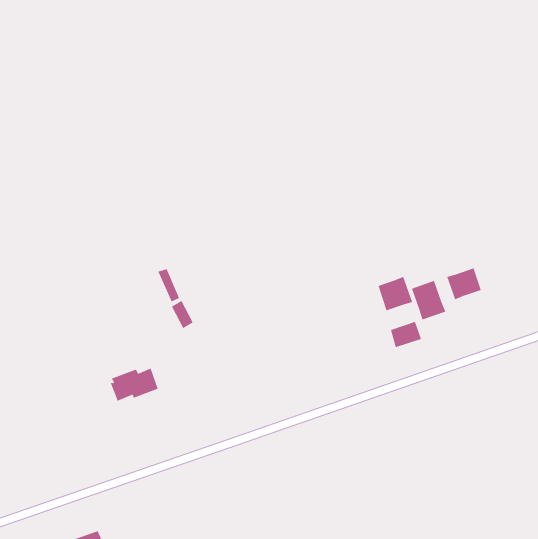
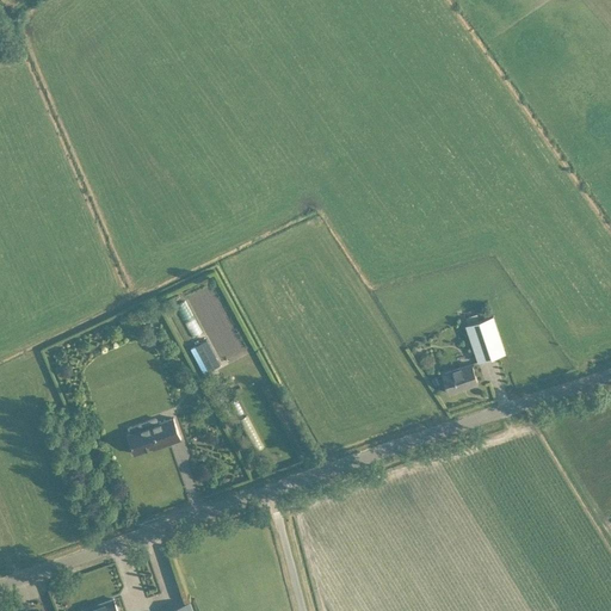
building: [447,267,481,300] -> none
building: [378,276,413,311] -> none

